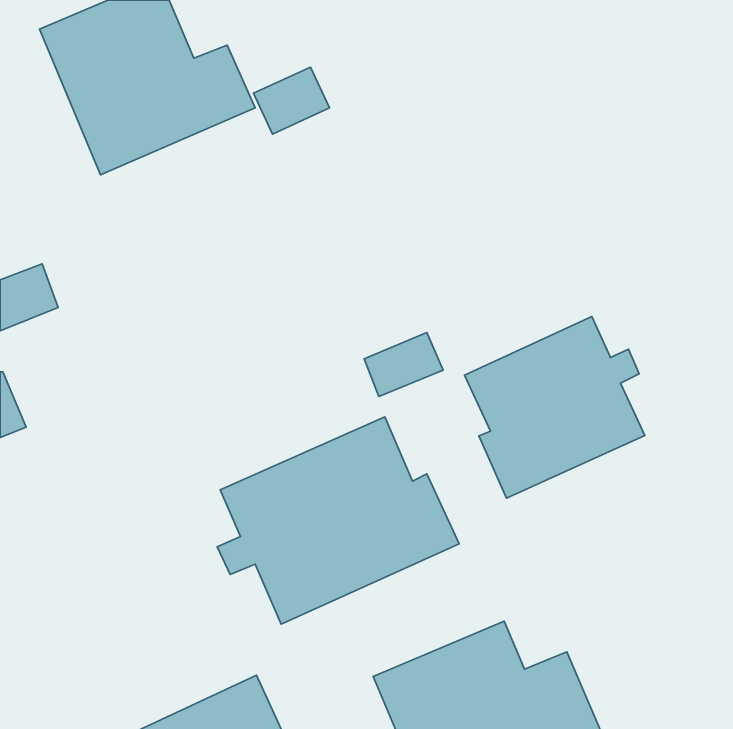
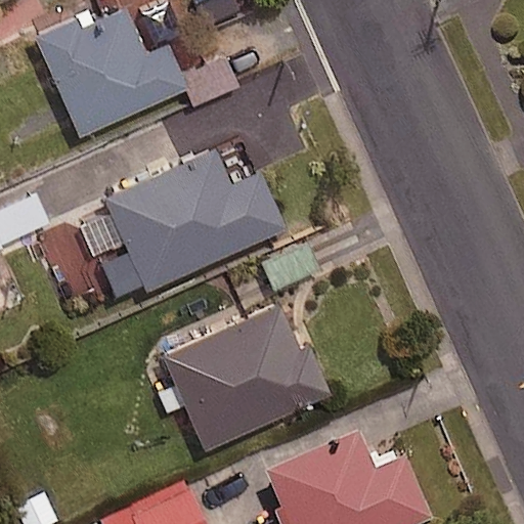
building: none -> [51,150,285,316]
building: [464,317,645,498] -> none

